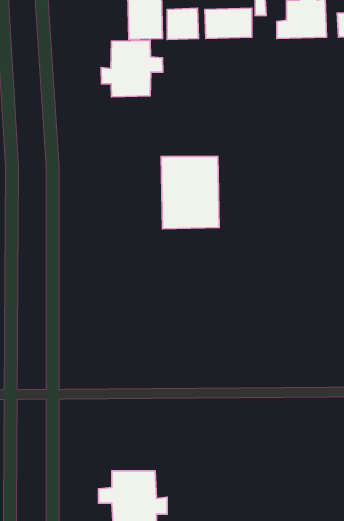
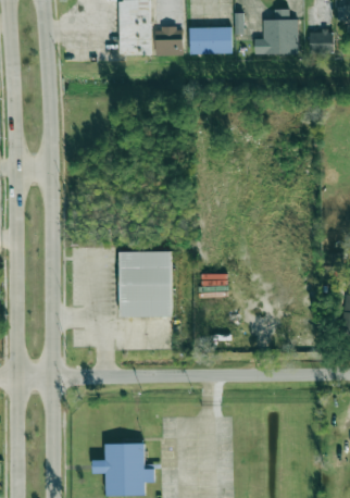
building: [101,40,163,97] -> none
building: [161,157,219,229] -> [120,252,172,318]

